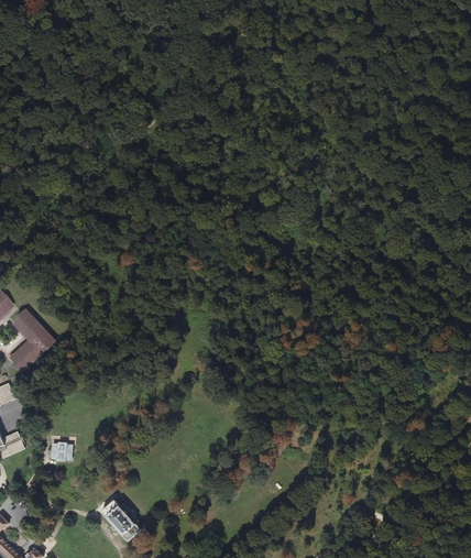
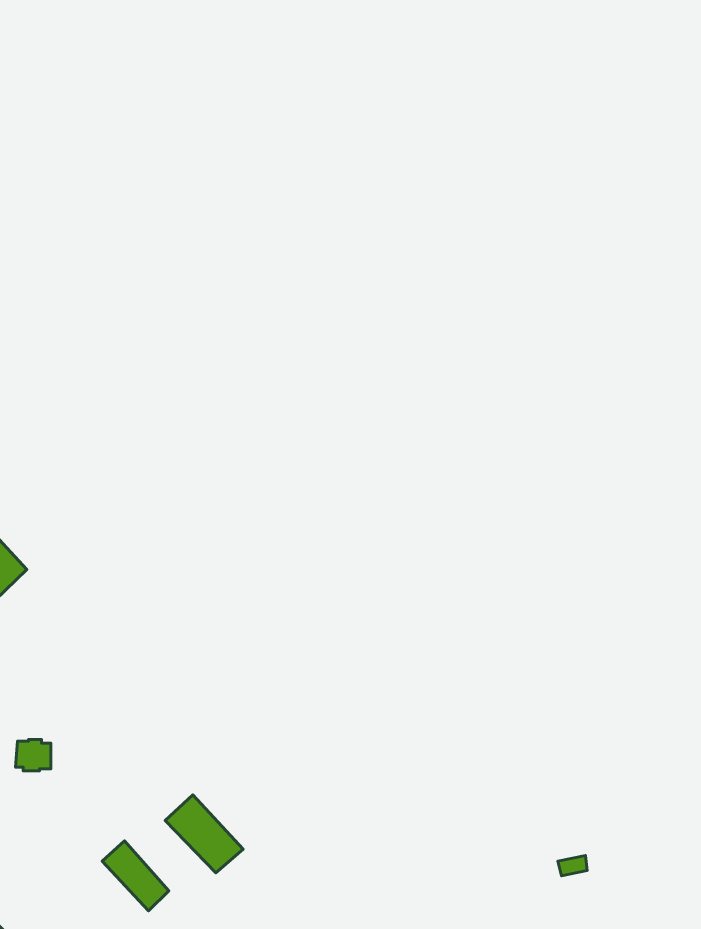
building: none -> [165,795,243,873]

